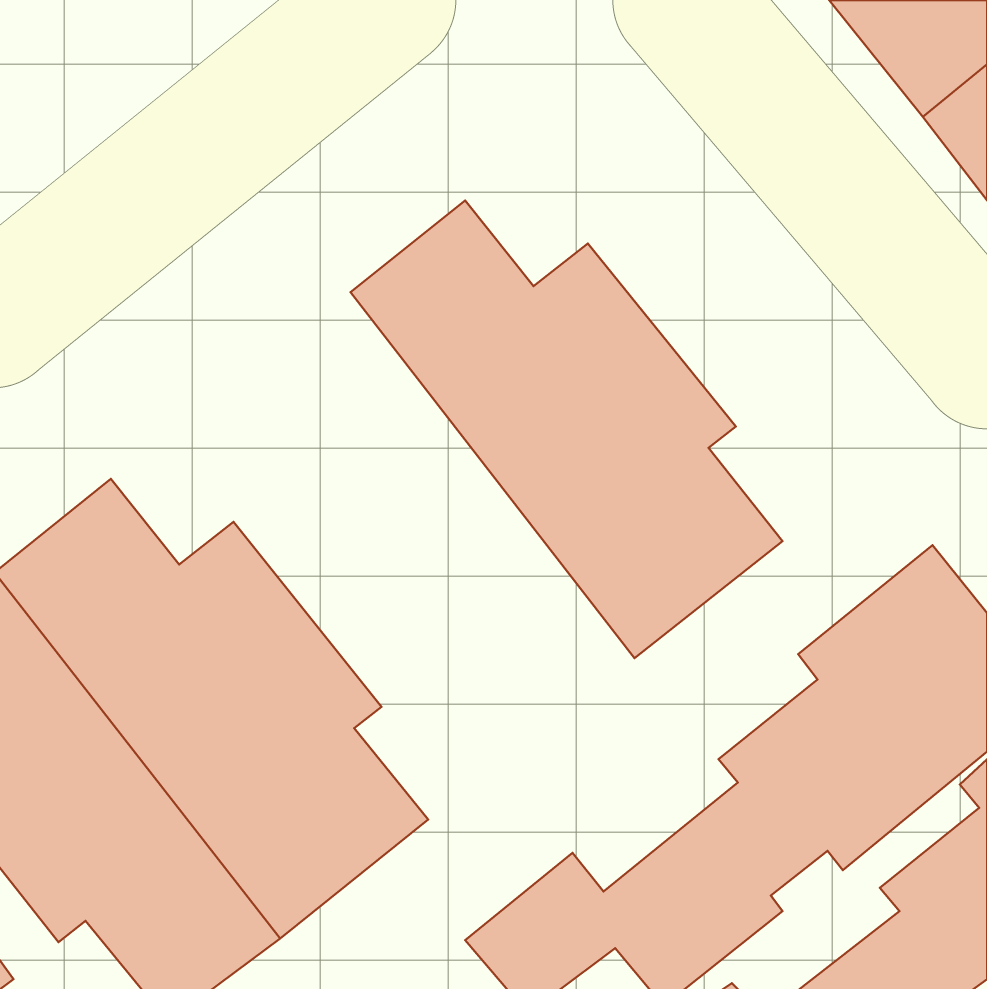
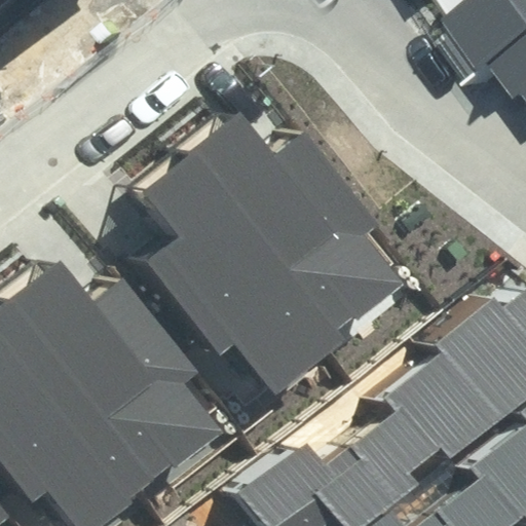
building: none -> [137,157,335,397]

